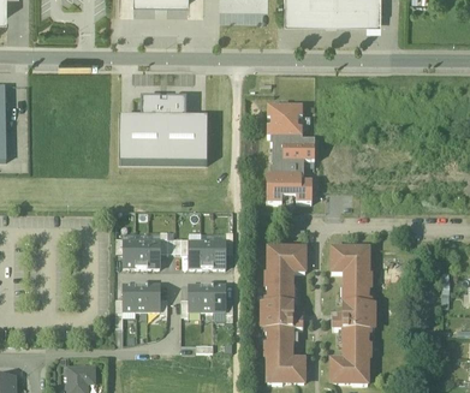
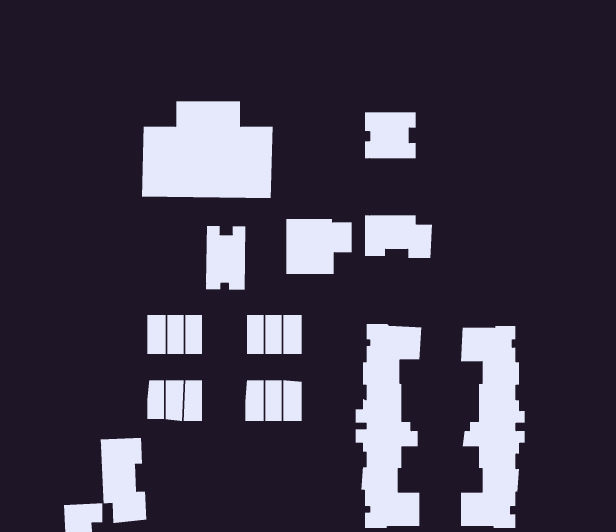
building: [270,138,315,175] -> [286,218,353,275]
building: none -> [206,225,246,291]
building: none -> [100,437,147,524]

